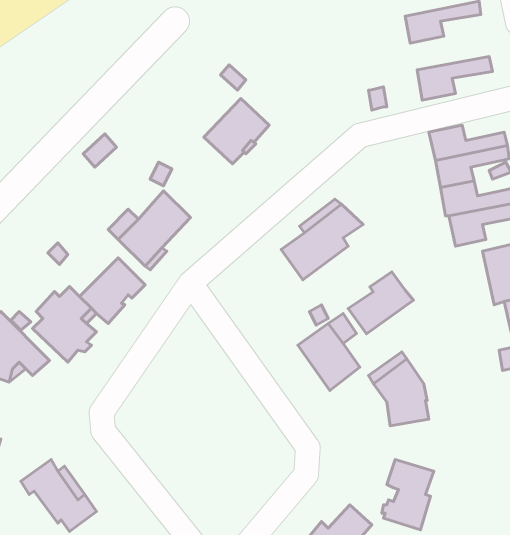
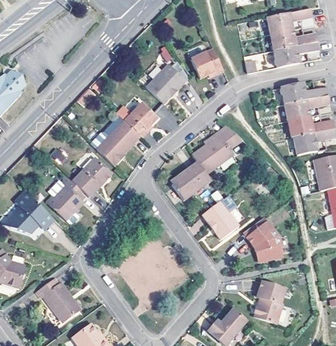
building: none -> [270,28,317,48]
building: none -> [190,50,224,80]
building: none -> [123,103,157,137]
building: [348,272,414,334] -> [172,162,211,199]

